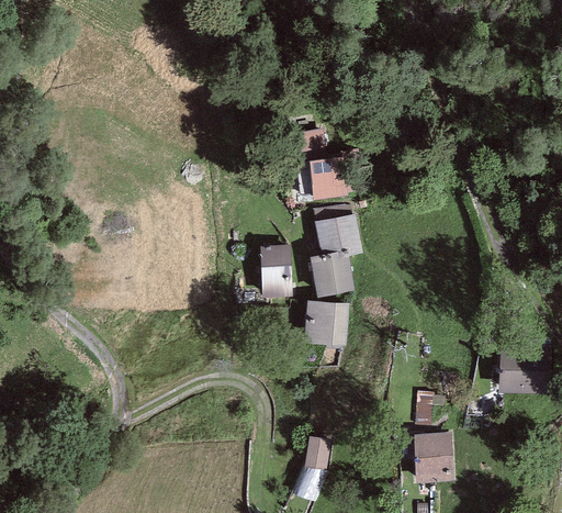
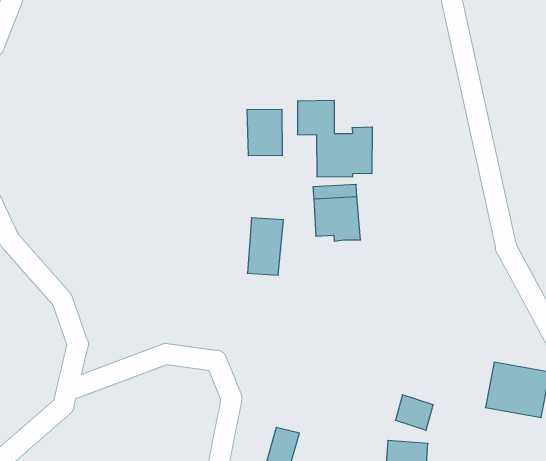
building: none -> [247,109,282,156]
building: [310,252,355,297] -> none
building: [303,300,349,347] -> none

